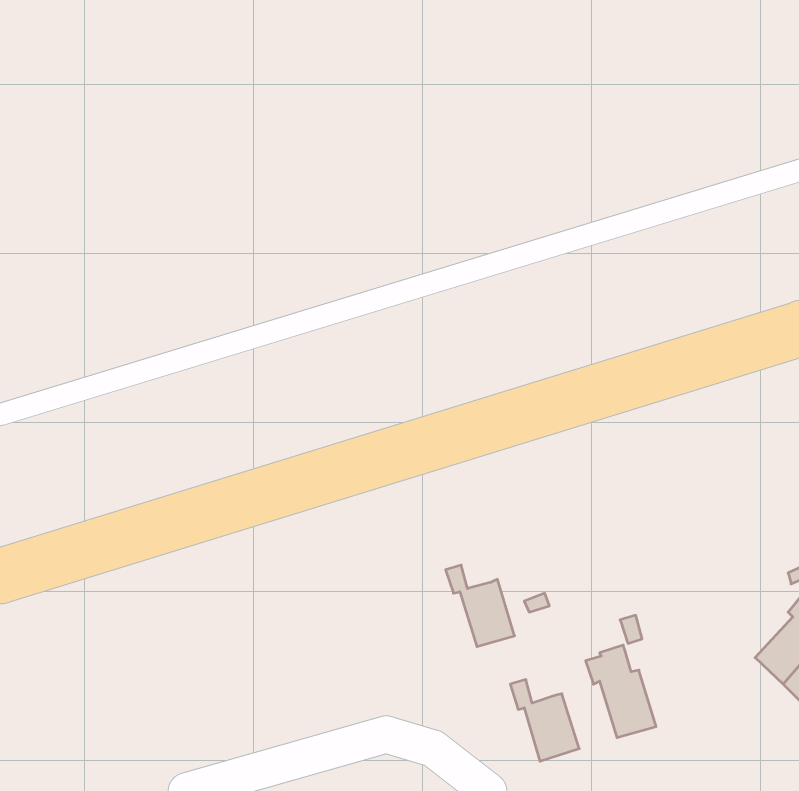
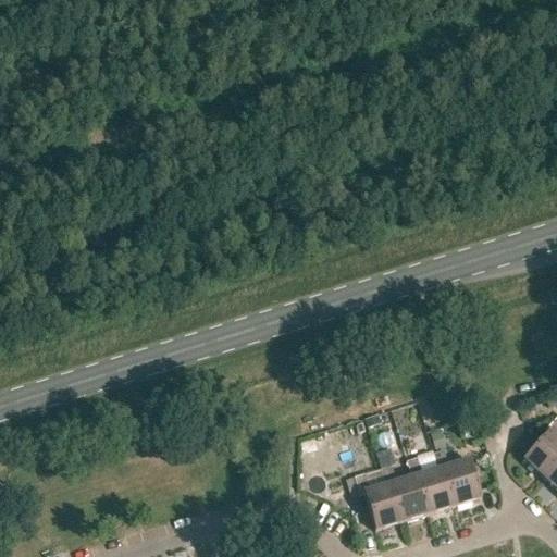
building: [446,565,515,647] -> [382,462,430,519]
building: none -> [435,447,483,504]

